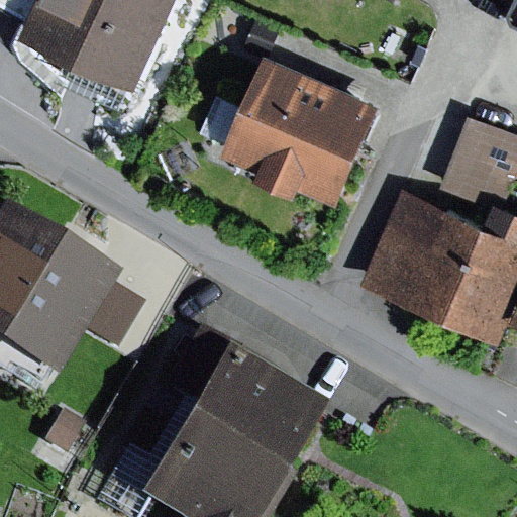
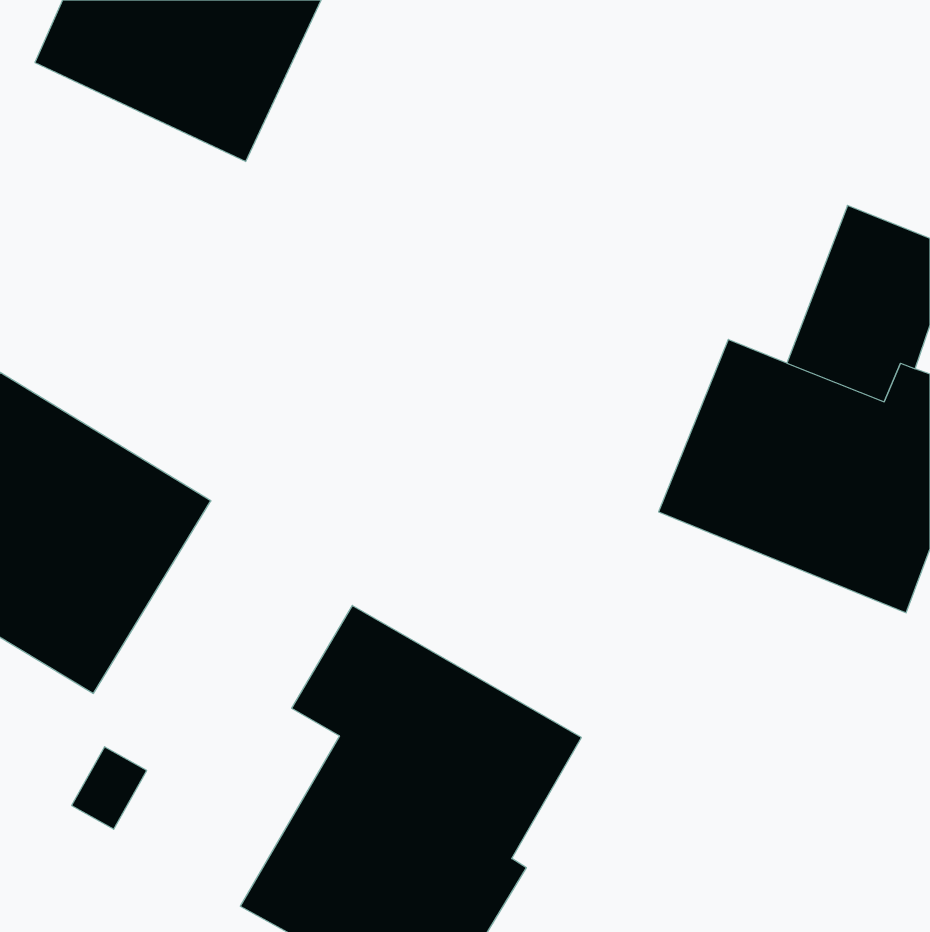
building: [220,55,381,206] -> none

